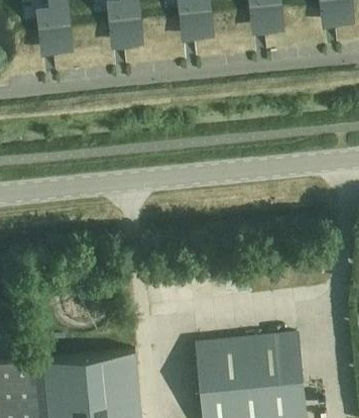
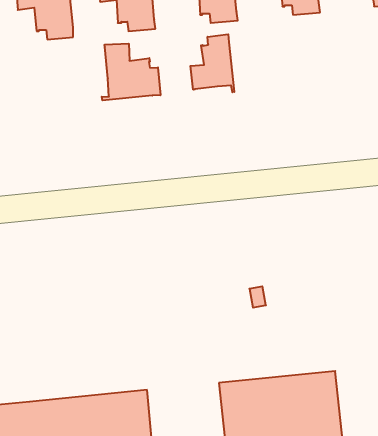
building: none -> [190,34,234,92]
building: none -> [102,44,160,100]

